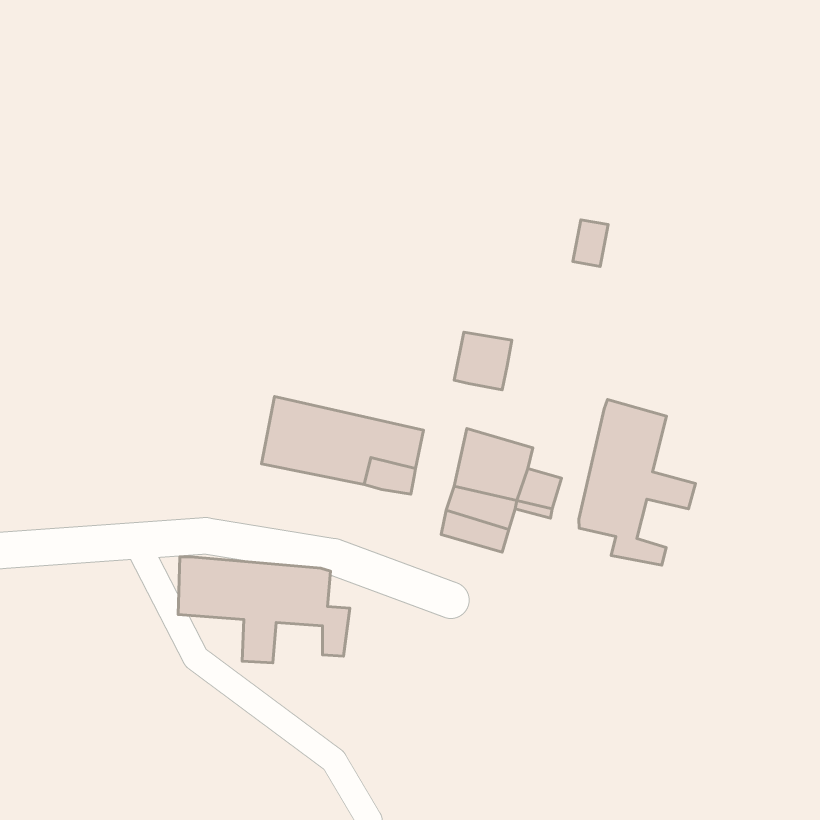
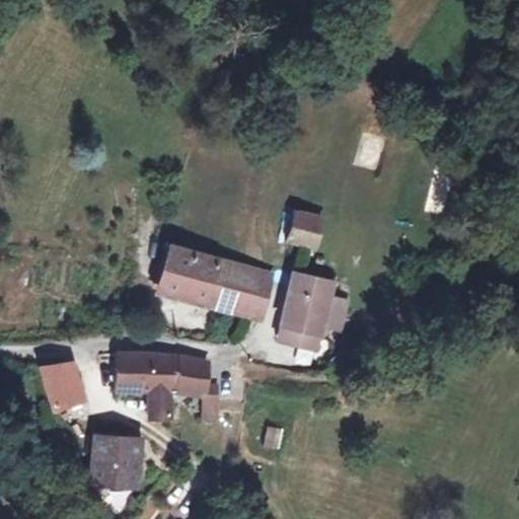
building: [579,400,695,565] -> none
building: none -> [39,358,77,409]
building: none -> [90,434,140,485]

